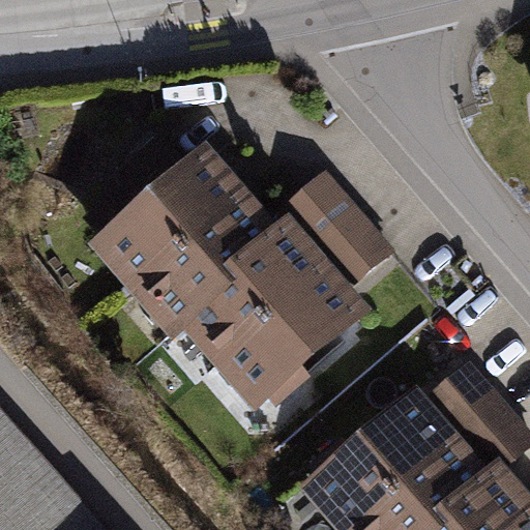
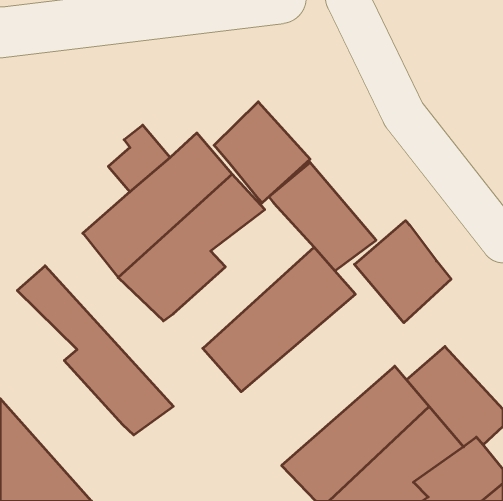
building: none -> [214,102,310,203]
building: [182,213,330,366] -> none
building: none -> [354,221,451,323]
building: none -> [17,266,173,435]

